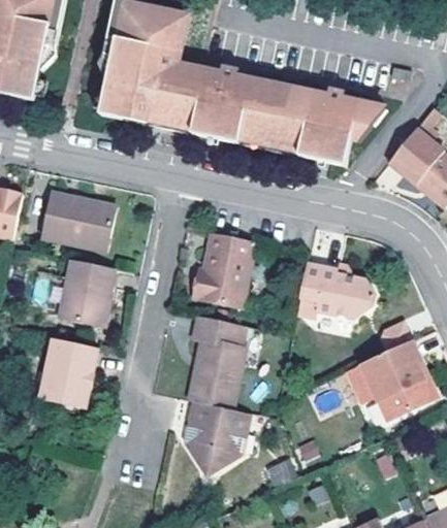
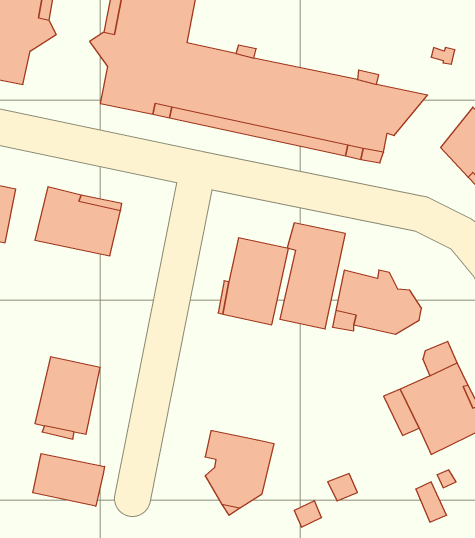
building: [58,257,115,322] -> none
building: [194,317,251,408] -> [280,223,345,329]
building: none -> [33,454,105,506]

